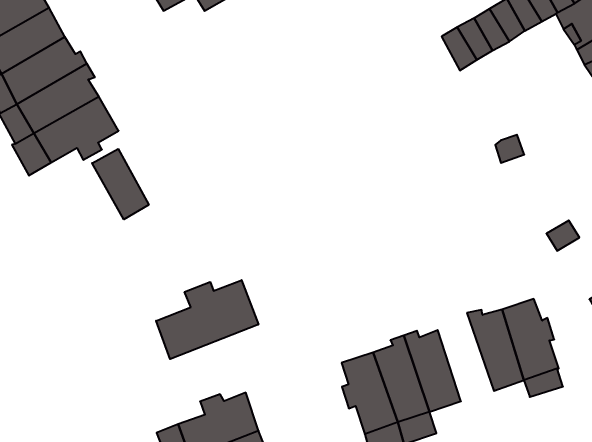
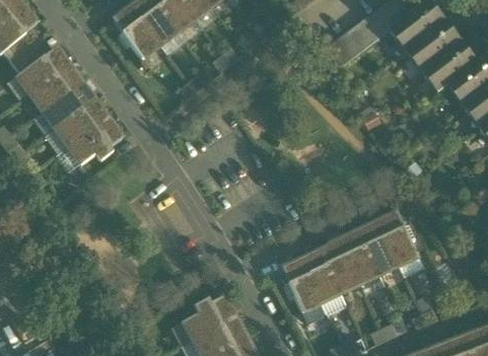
building: [92,149,149,219] -> none
building: [156,280,258,359] -> none
building: none -> [340,226,380,283]

